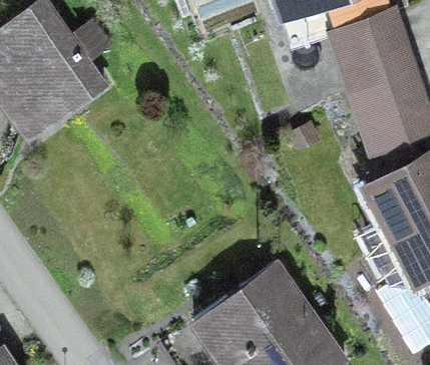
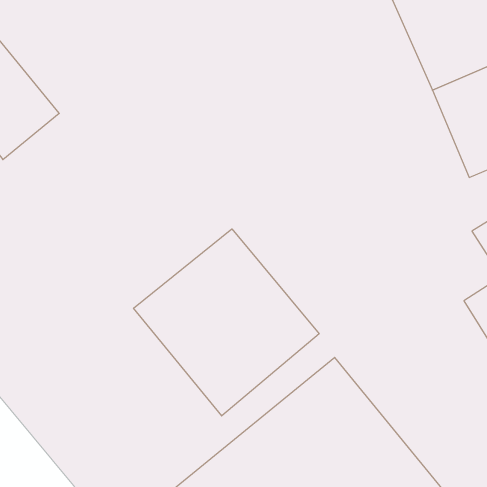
building: none -> [134,229,319,416]

